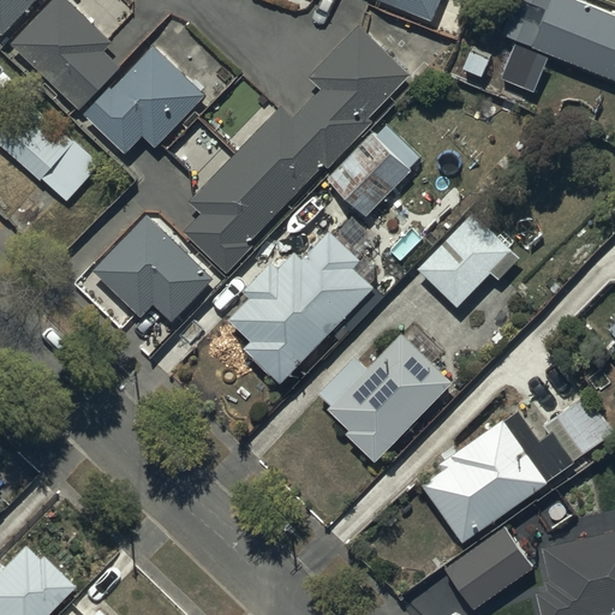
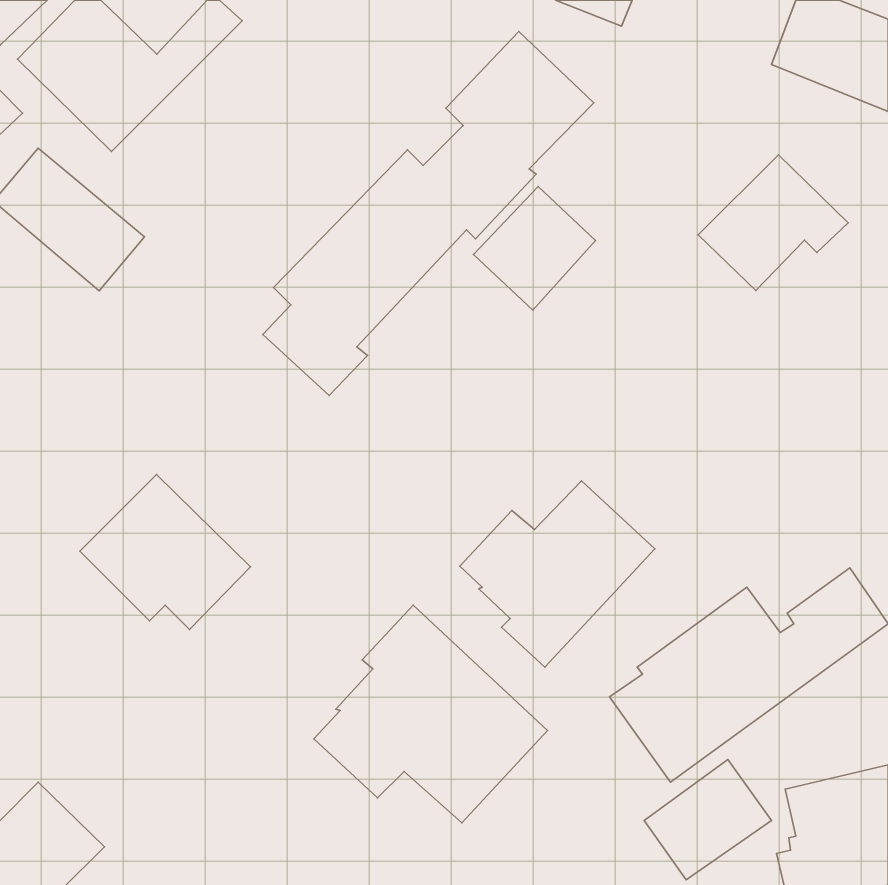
building: [84,48,207,154] -> none
building: [417,214,520,308] -> [698,155,848,291]
building: [91,215,209,322] -> [80,474,250,630]
building: [227,216,377,386] -> none
building: none -> [314,605,547,823]

